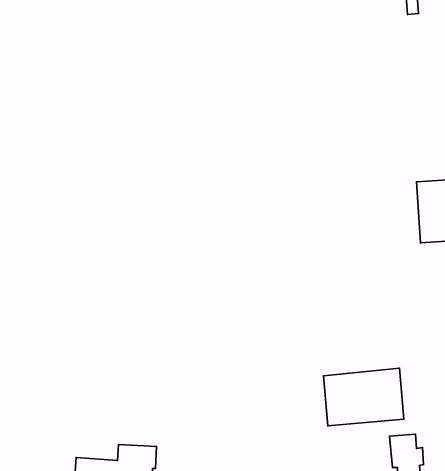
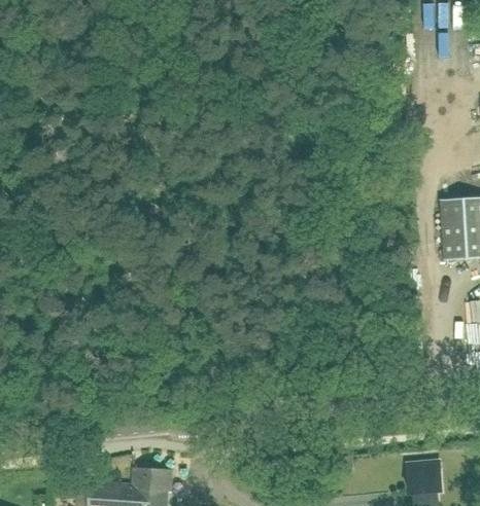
building: [324,368,404,426] -> none

